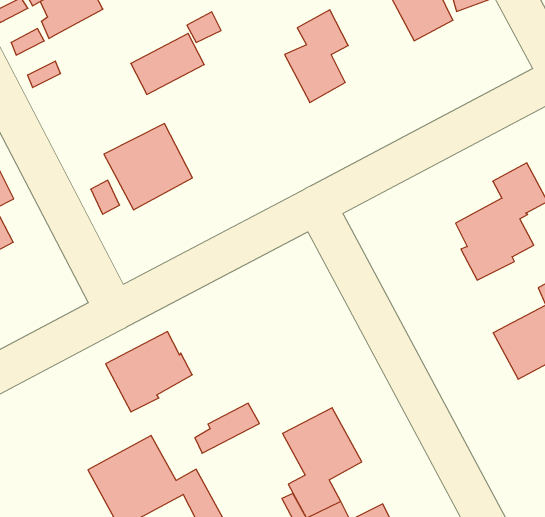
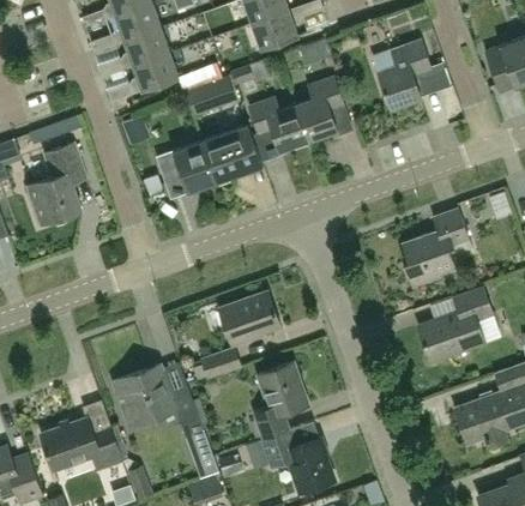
building: none -> [133,52,179,91]
building: none -> [249,97,309,150]
building: none -> [203,124,262,182]
building: [106,332,192,412] -> [219,291,280,345]

